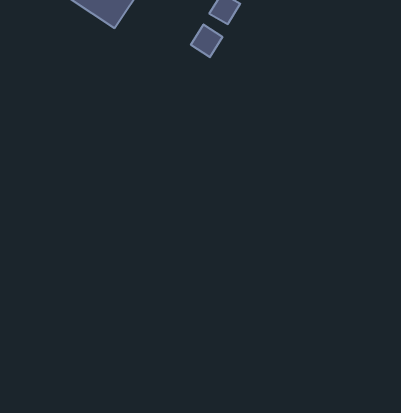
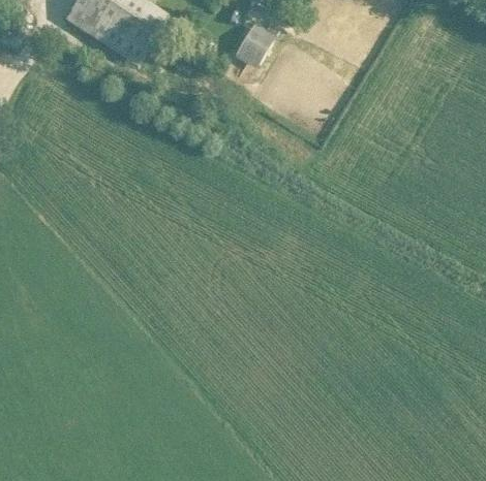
building: [191,24,222,57] -> none

